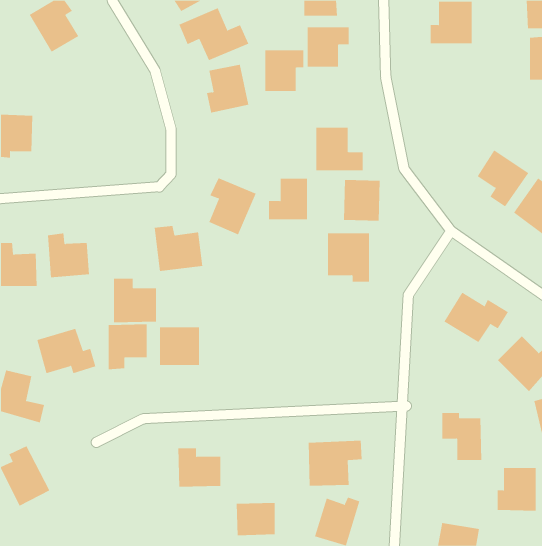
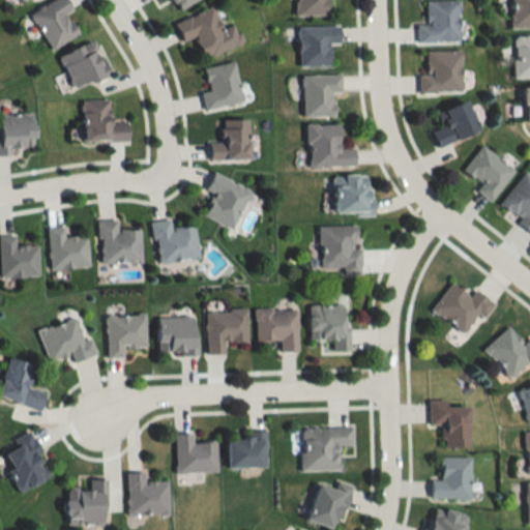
building: none -> [61,40,112,91]
building: [264,50,304,91] -> [305,75,344,115]
building: none -> [422,52,465,92]
building: none -> [84,98,130,141]
building: none -> [434,99,481,147]
building: [268,178,308,220] -> [212,118,251,158]
building: [113,278,157,323] -> [100,219,143,263]
building: none -> [310,304,350,350]
building: none -> [257,307,300,351]
building: none -> [208,308,249,354]
building: [497,468,536,511] -> [434,457,472,499]
building: none -> [127,472,170,514]
building: none -> [66,478,108,524]
building: [236,503,275,536] -> [229,435,267,467]

